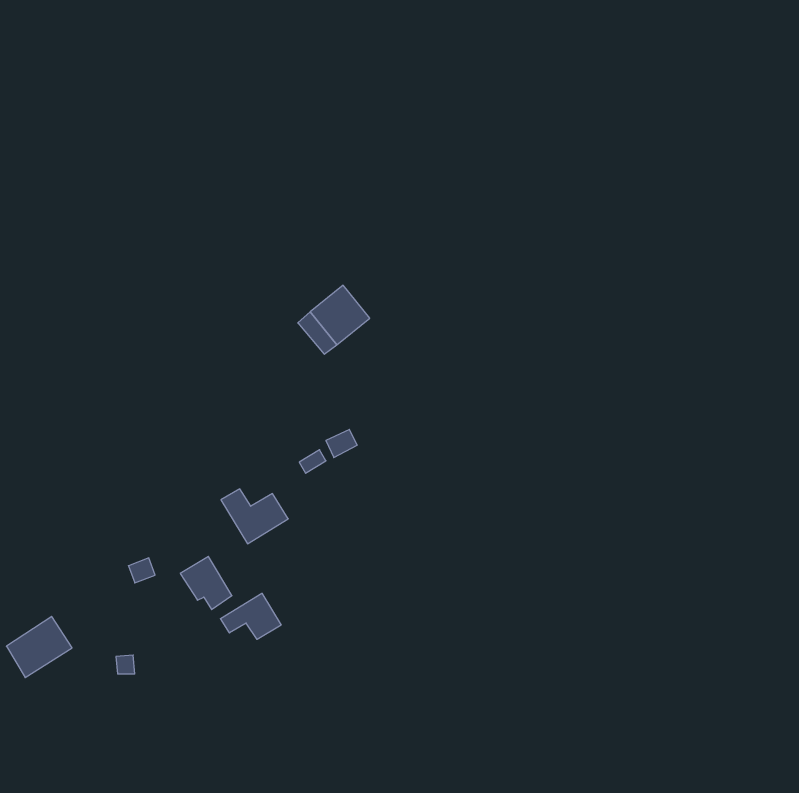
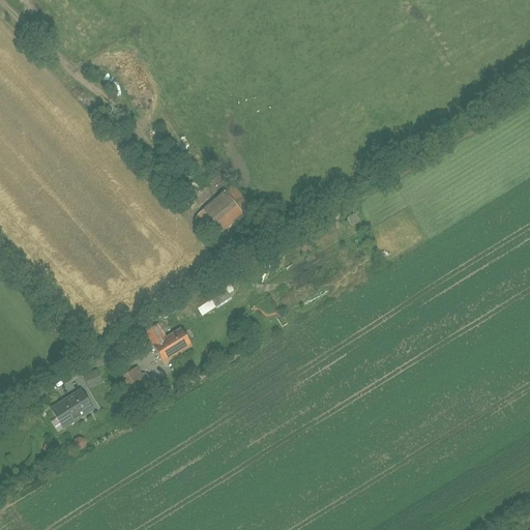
building: [220,593,281,639] -> none
building: [6,616,72,678] -> [51,386,94,426]

